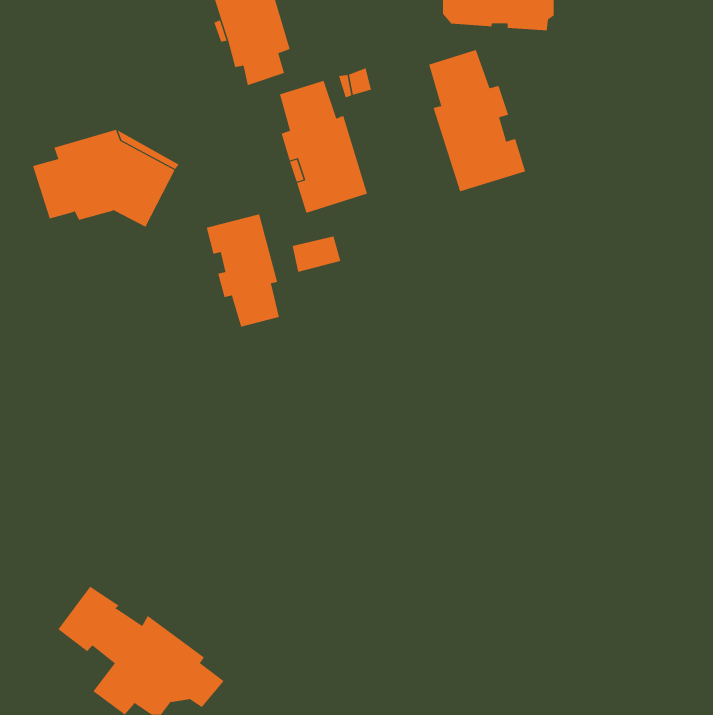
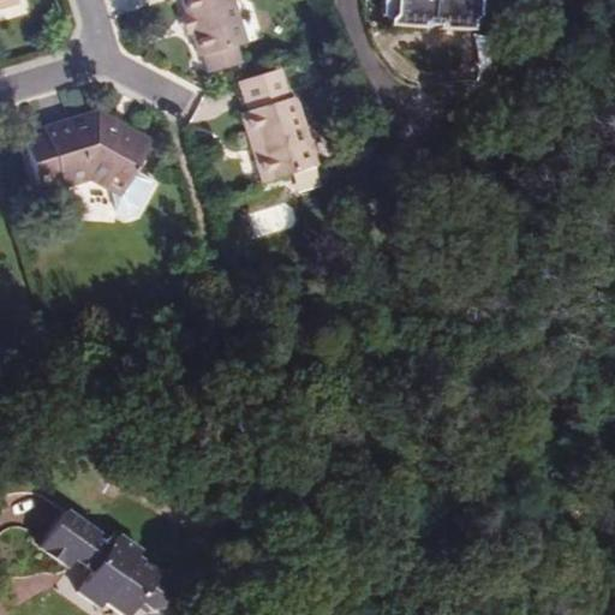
building: [428,49,526,192] -> none
building: [206,214,280,328] -> none

